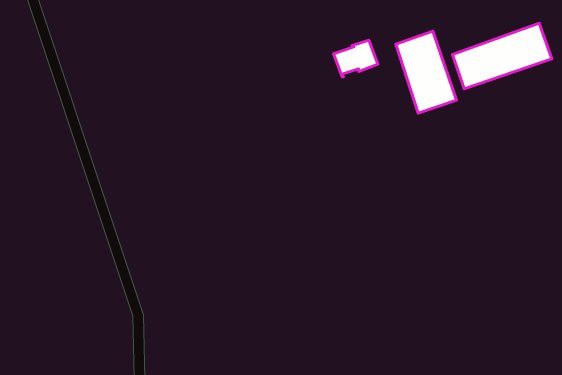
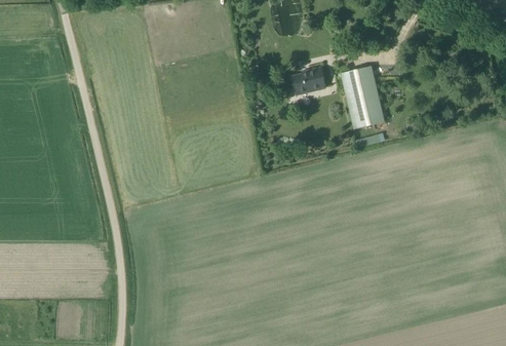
building: [452,23,552,89] -> none

